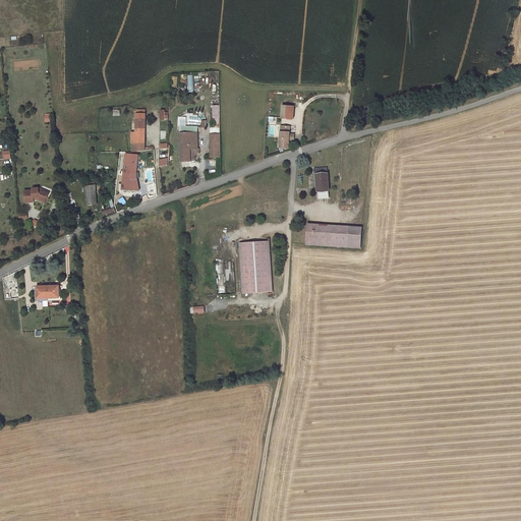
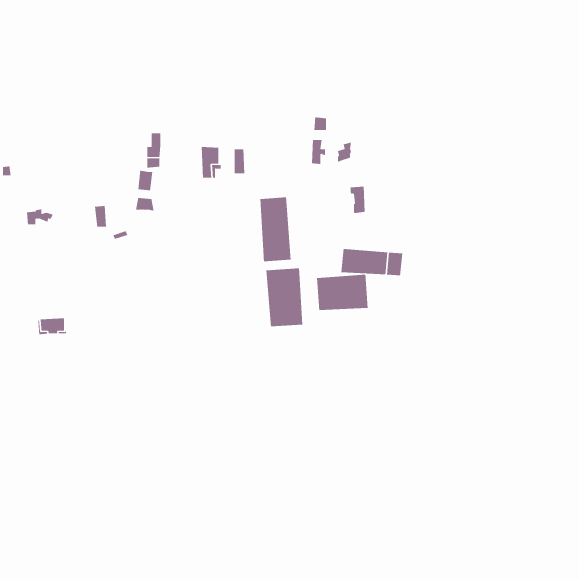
building: none -> [260,197,291,262]
building: none -> [317,274,368,311]

